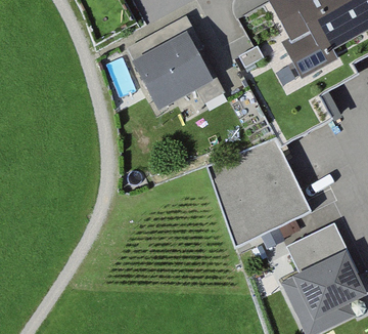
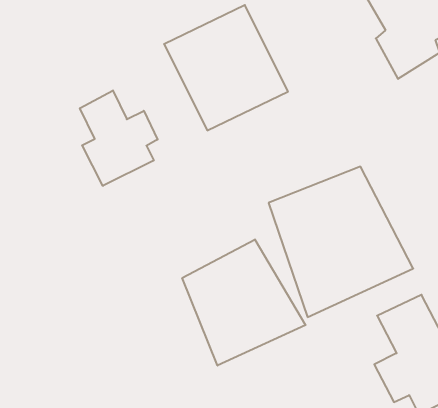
building: none -> [80,90,158,186]
building: none -> [182,239,306,366]

